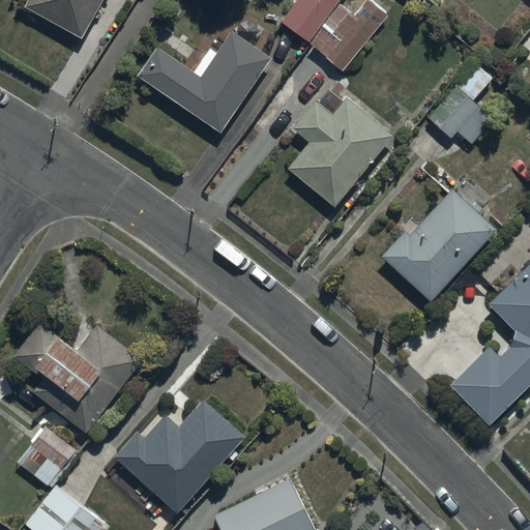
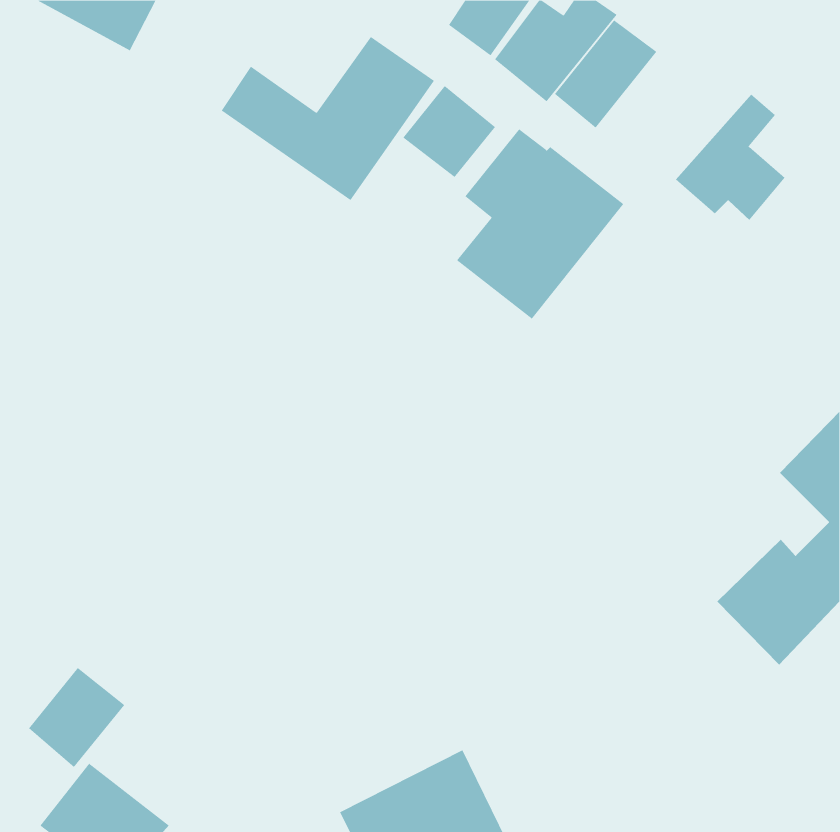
building: none -> [554,19,657,129]
building: none -> [403,85,496,178]
building: [383,187,497,304] -> none
building: [13,321,143,433] -> none
building: [114,399,245,512] -> none

